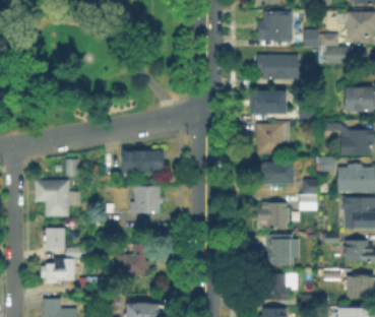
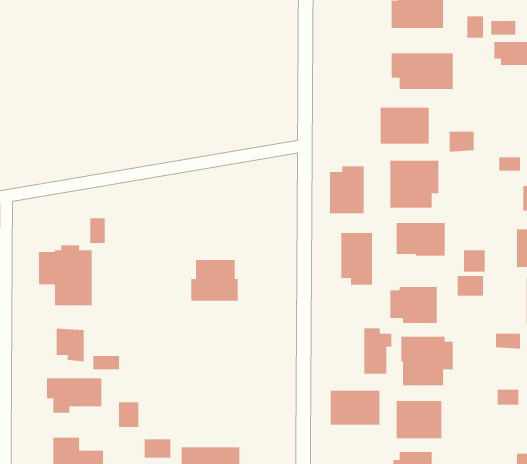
building: none -> [329,165,364,214]
building: [123,148,165,170] -> none
building: none -> [341,232,373,286]
building: none -> [364,327,392,374]
building: [118,244,146,276] -> none
building: none -> [330,390,380,425]

